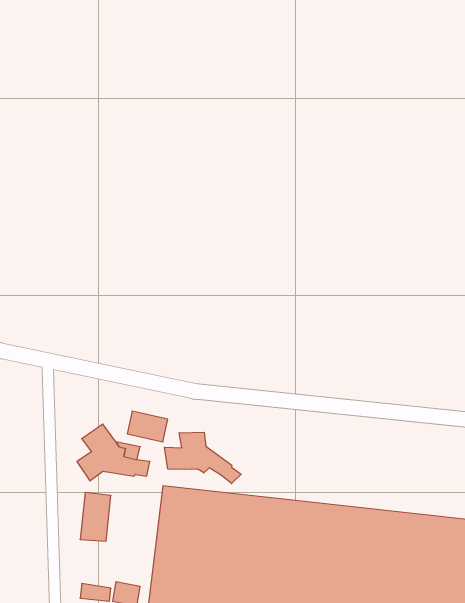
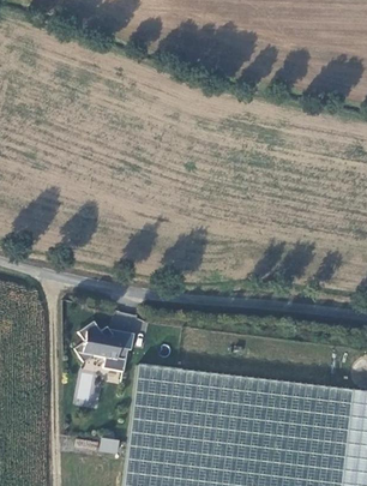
building: [164,432,241,484] -> none

